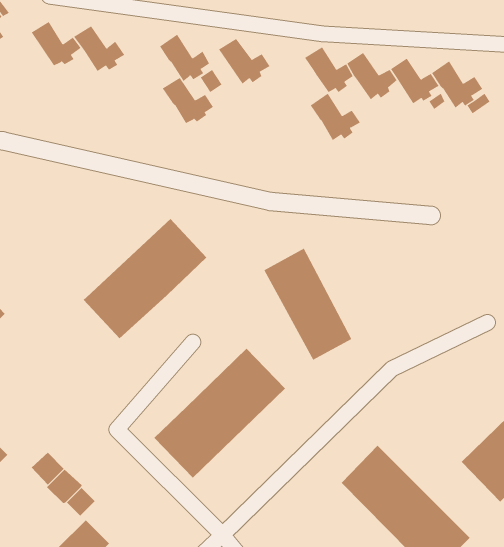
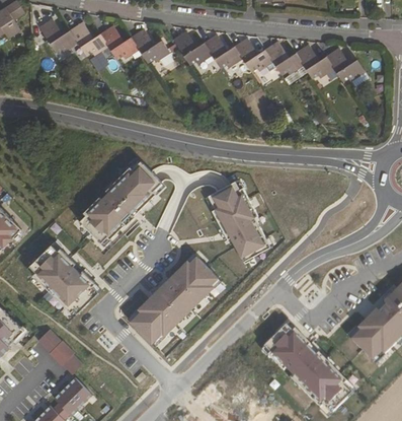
building: [162,77,214,124] -> [98,24,136,58]
building: [310,93,361,141] -> [204,32,240,67]
building: none -> [30,249,90,308]

